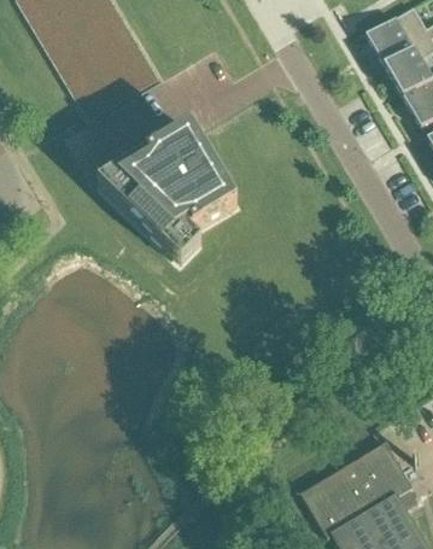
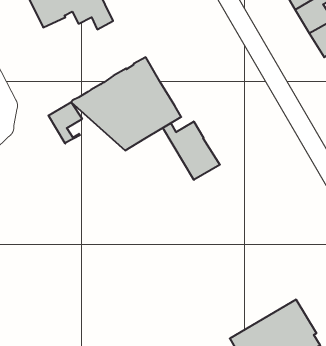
building: none -> [48,102,82,144]
building: none -> [163,121,220,180]

